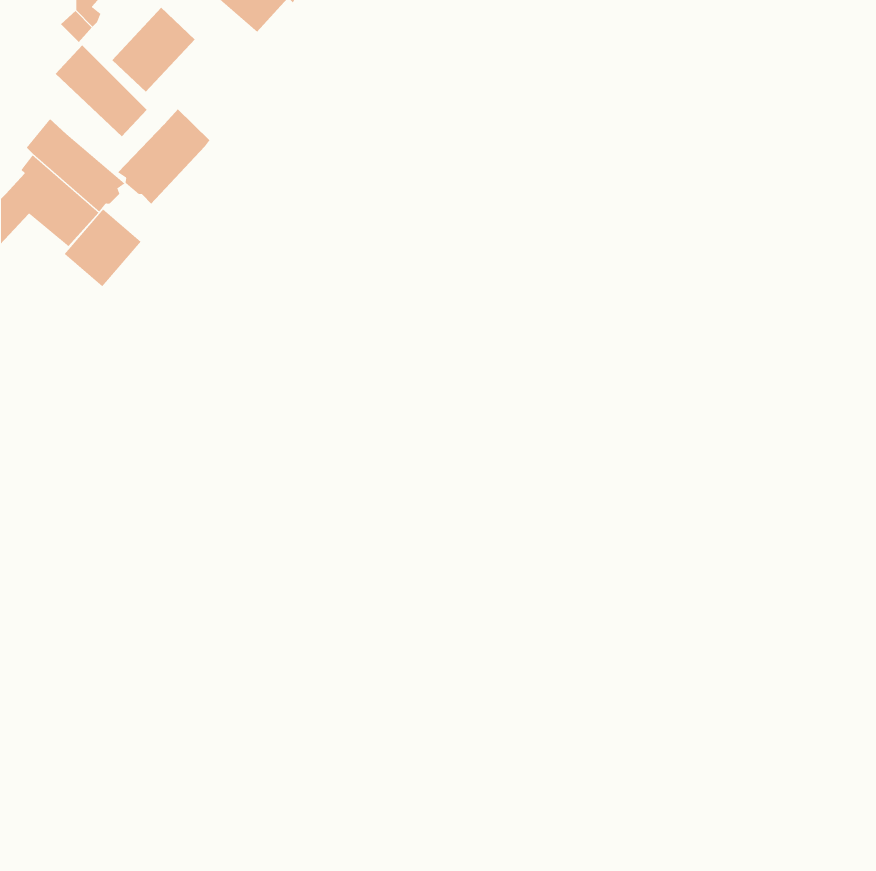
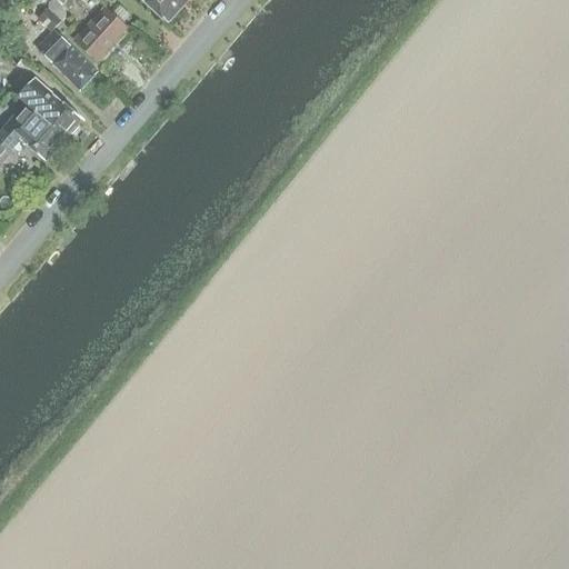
building: [117,108,210,204] -> none
building: [64,209,142,287] -> none

